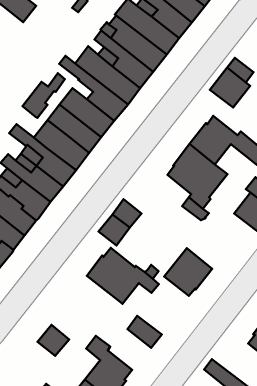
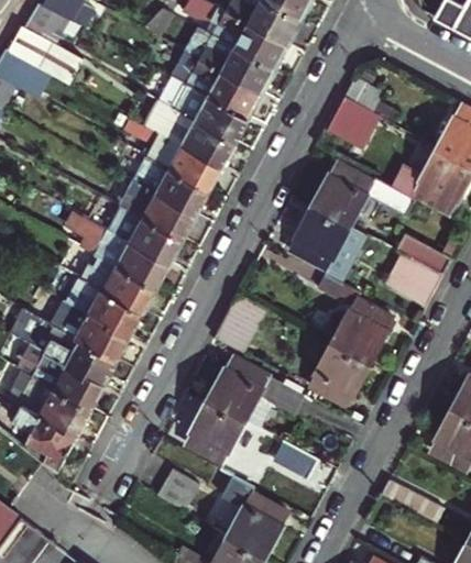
building: [23,73,65,118] -> none
building: none -> [331,298,391,362]
building: none -> [186,399,254,468]

